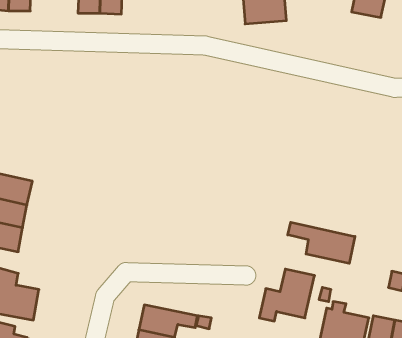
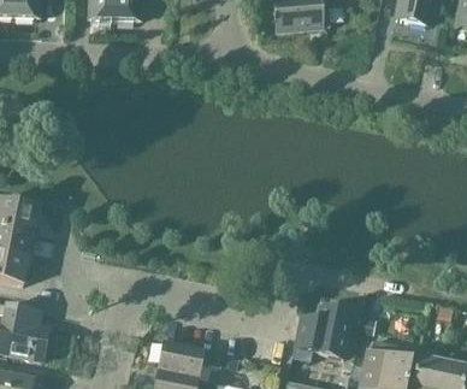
building: [288,222,355,263] -> none

